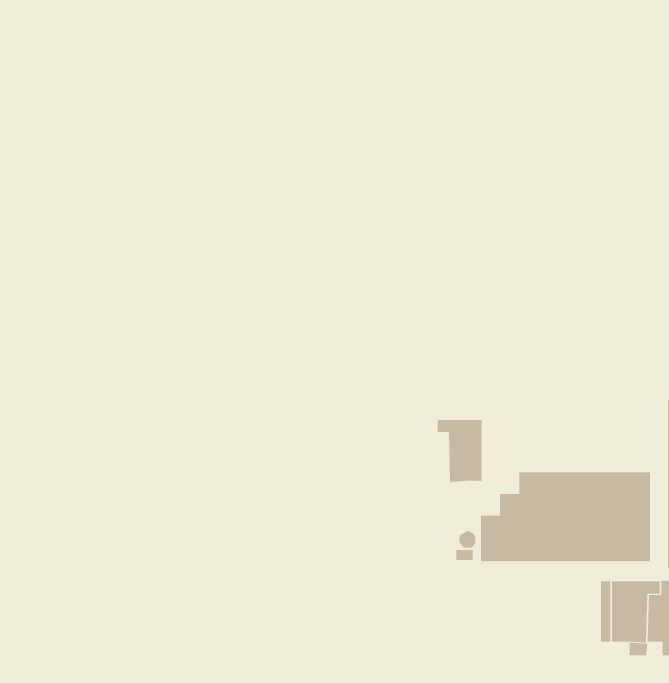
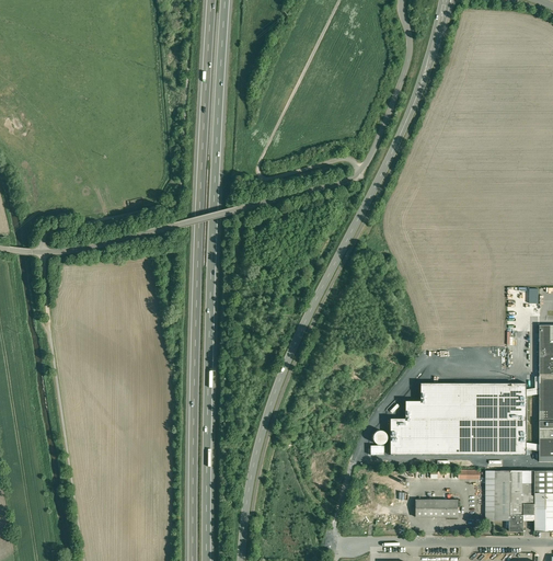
building: [437,419,482,483] -> none
building: none -> [416,499,459,516]

